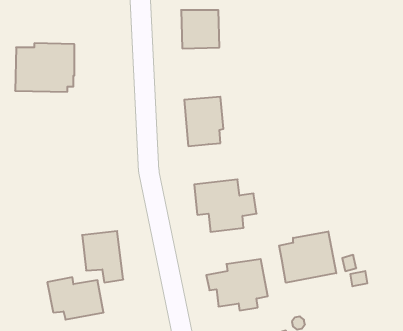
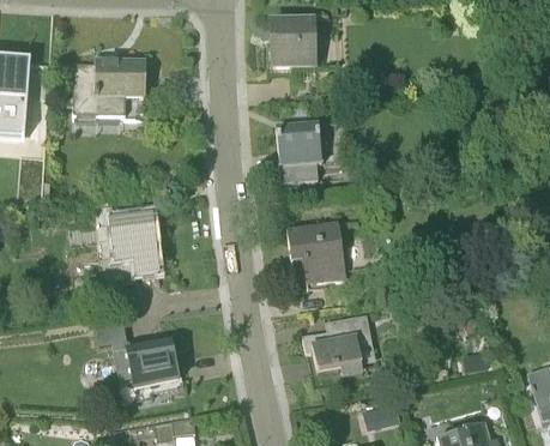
building: [82,231,123,282] -> [108,212,157,273]
building: [279,231,336,283] -> none

